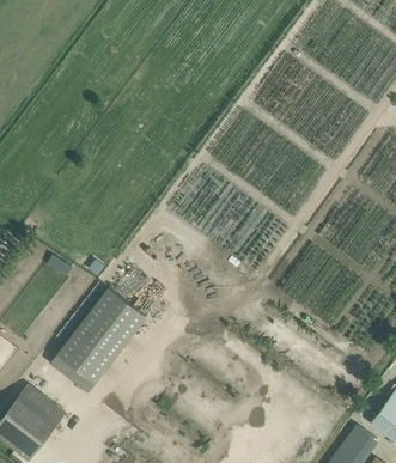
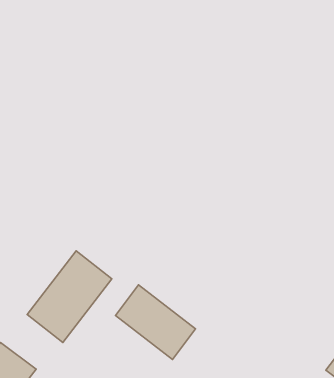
building: none -> [115,285,196,359]

